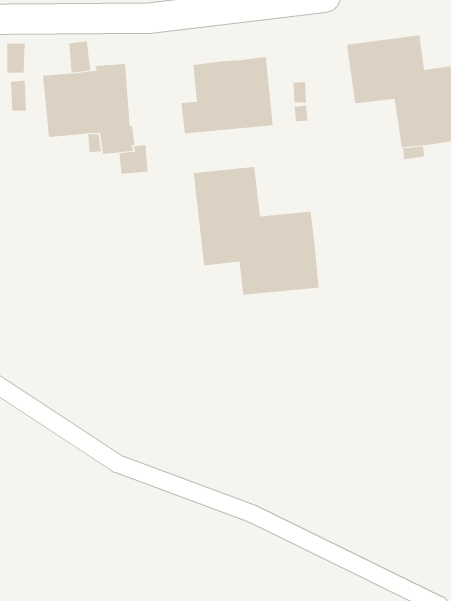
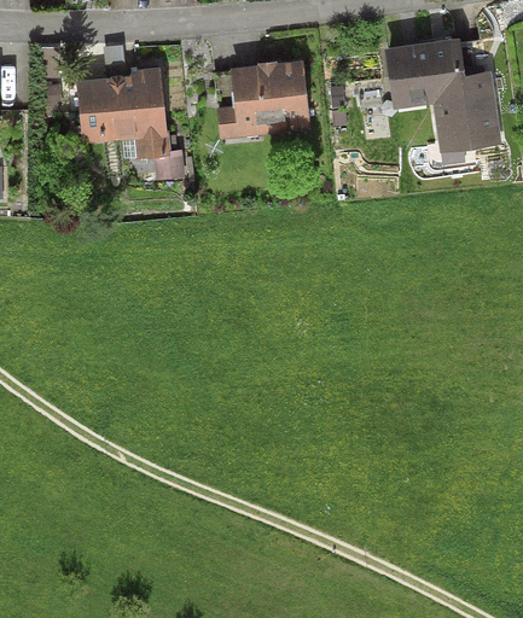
building: [193,166,319,296] -> none

